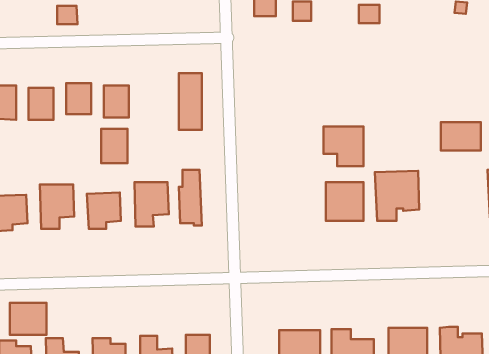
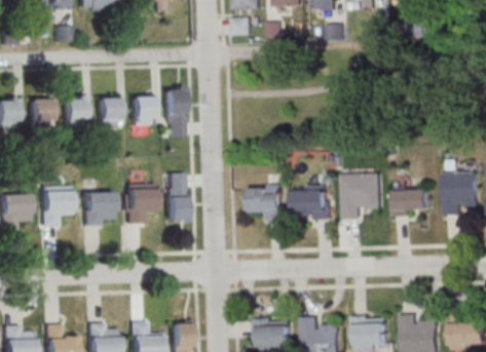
building: [441,122,481,151] -> [395,188,431,213]
building: [324,126,363,166] -> [250,184,286,220]
building: [101,129,127,163] -> [132,93,155,124]
building: [10,303,47,335] -> none

